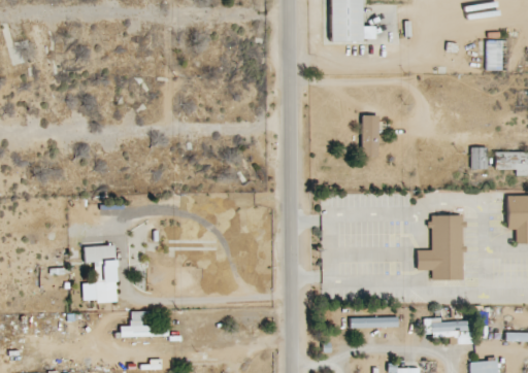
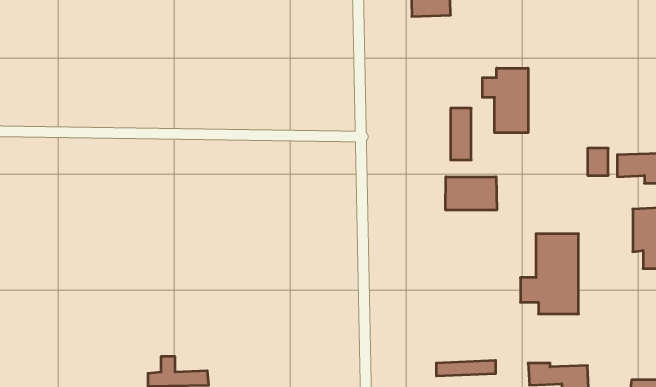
building: [486,40,503,70] -> none
building: none -> [482,68,528,133]
building: none -> [446,177,497,210]
building: [82,245,118,302] -> none

